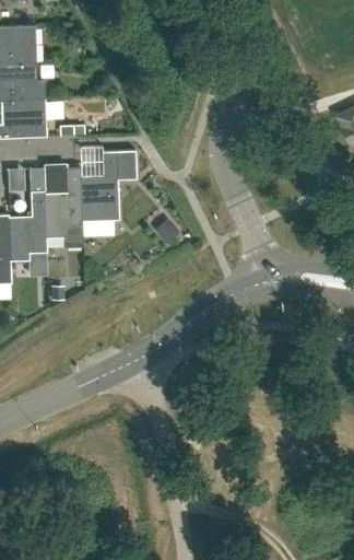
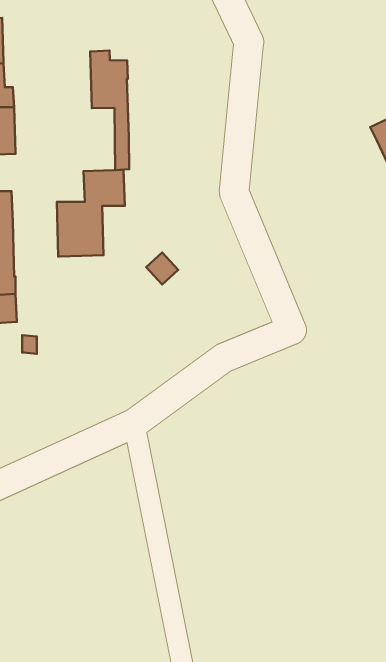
building: none -> [90,50,129,170]
building: [44,166,83,246] -> none

